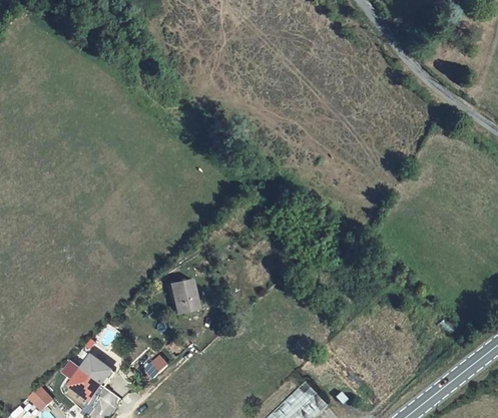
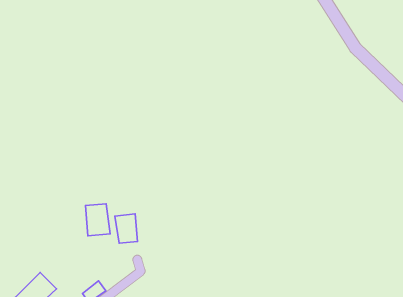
building: none -> [85,204,110,236]

